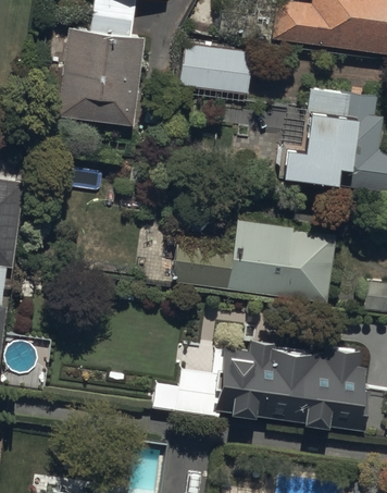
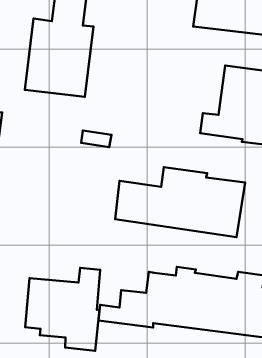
building: [178,46,251,95] -> none
building: none -> [25,268,100,351]

